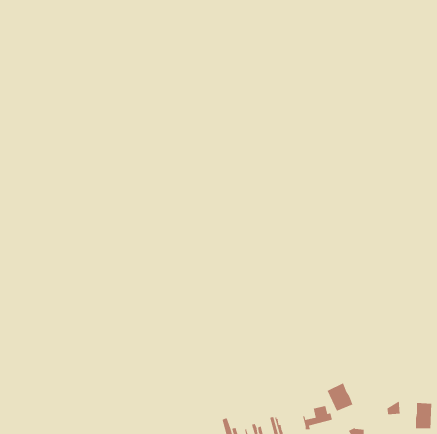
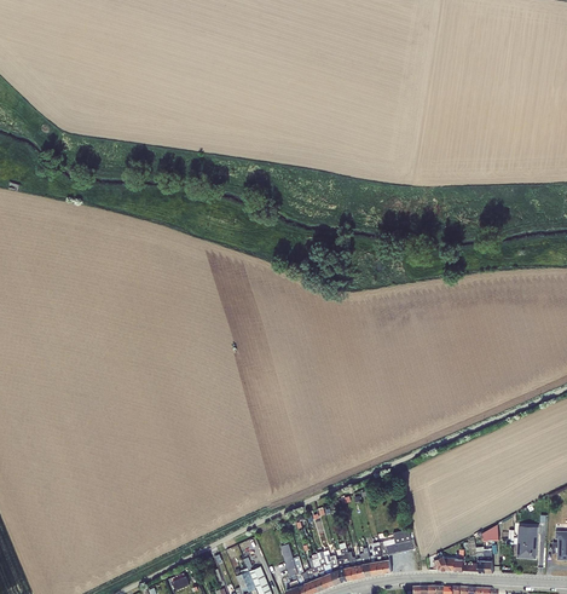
building: [327,382,354,412] -> none

